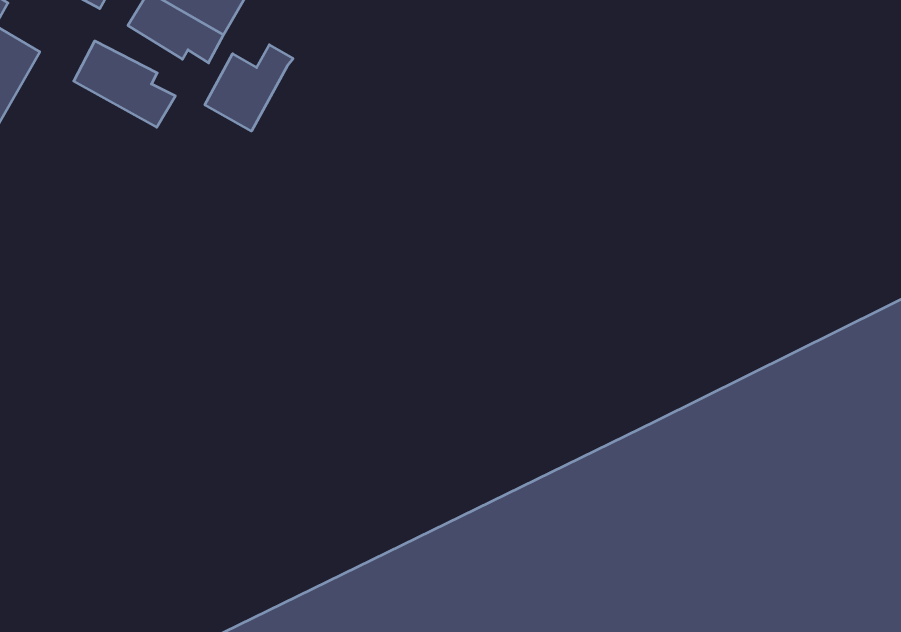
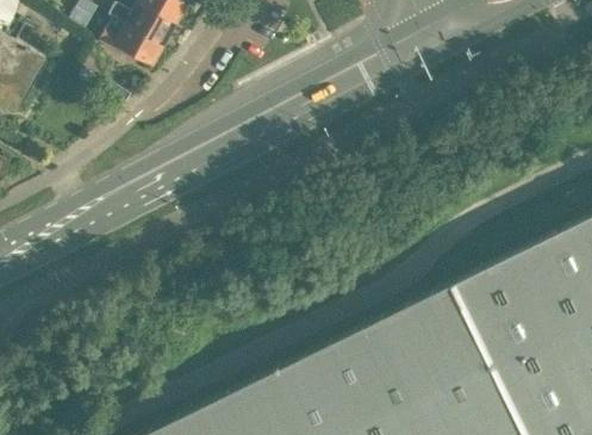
building: [74,41,175,127] -> none
building: [205,45,293,131] -> none

